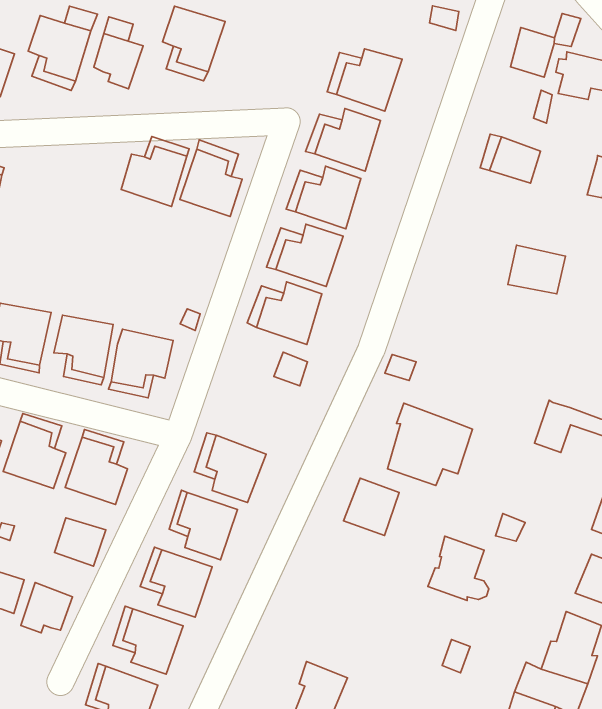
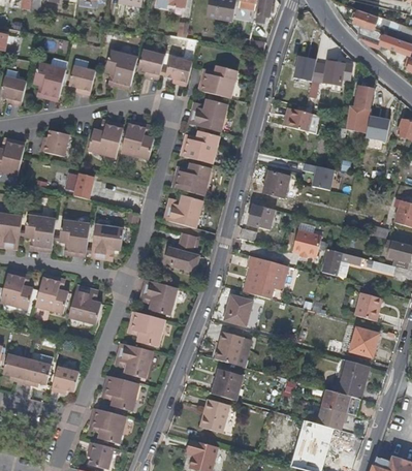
building: none -> [138,48,165,76]
building: none -> [166,55,192,84]
building: none -> [39,131,67,158]
building: none -> [66,172,94,199]
building: none -> [264,170,290,195]
building: none -> [248,205,276,229]
building: none -> [292,229,322,257]
building: none -> [165,248,199,271]
building: [55,518,106,566] -> none
building: [428,536,489,601] -> [213,331,246,365]
building: none -> [212,369,242,400]

